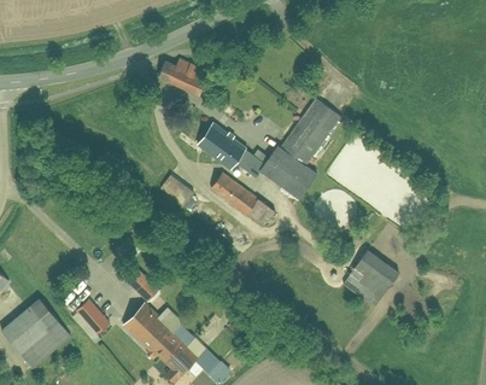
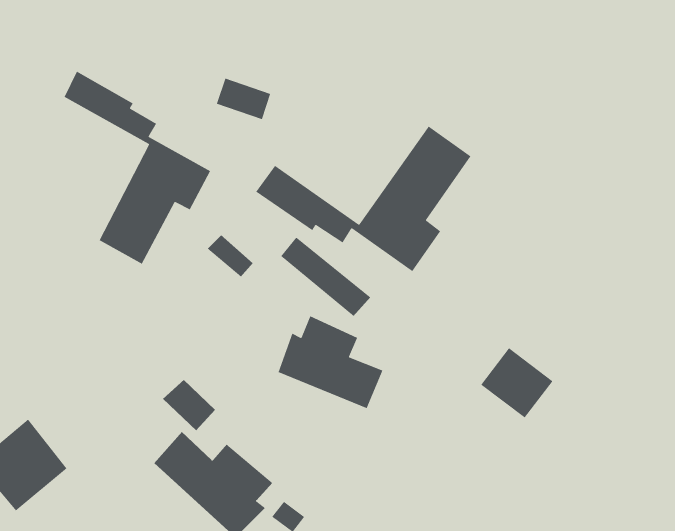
building: none -> [63,71,211,265]
building: none -> [277,315,384,409]
building: [78,301,110,333] -> none

